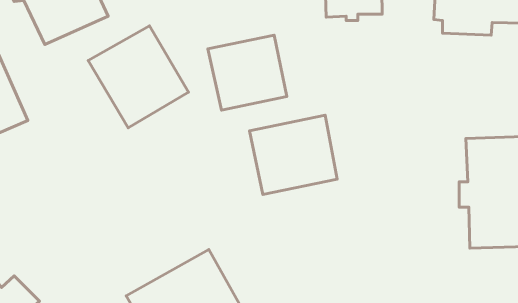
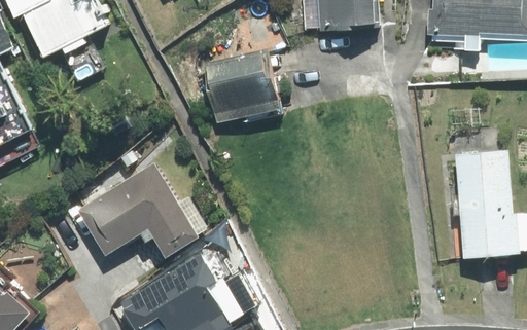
building: [88,26,189,128] -> none
building: [250,115,337,194] -> none
building: none -> [77,162,212,260]

